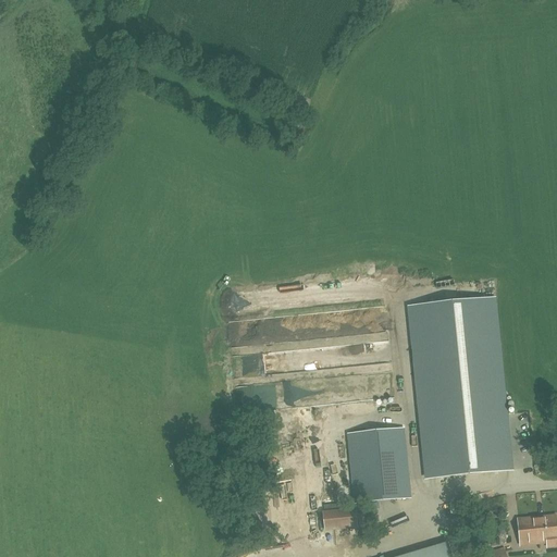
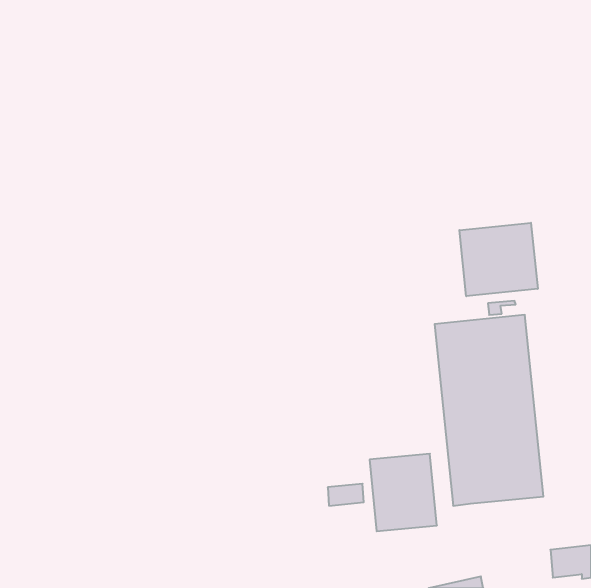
building: none -> [459,223,538,296]
building: [322,507,356,528] -> [328,484,364,506]

